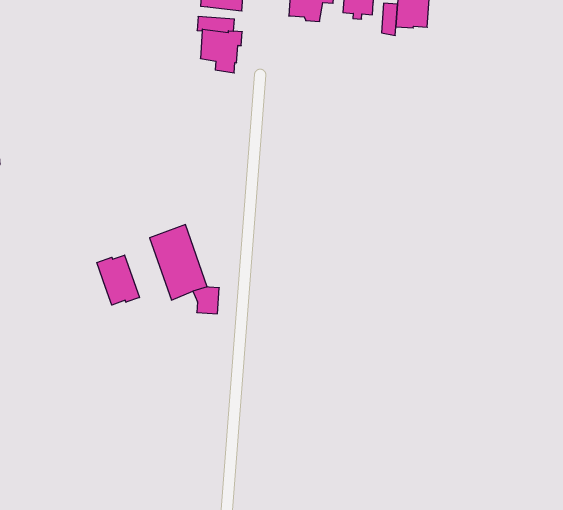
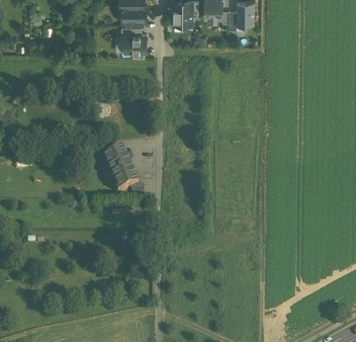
building: [97,255,139,305] -> none

